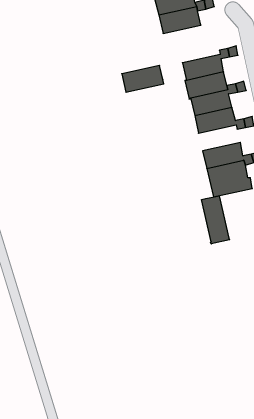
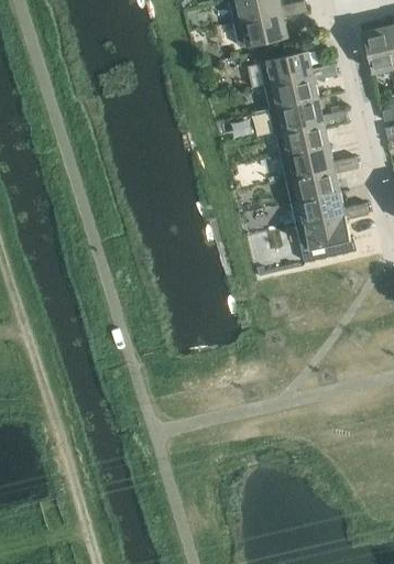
building: [122,65,164,92] -> [260,51,315,86]
building: none -> [286,167,341,202]
building: [202,196,230,244] -> none

